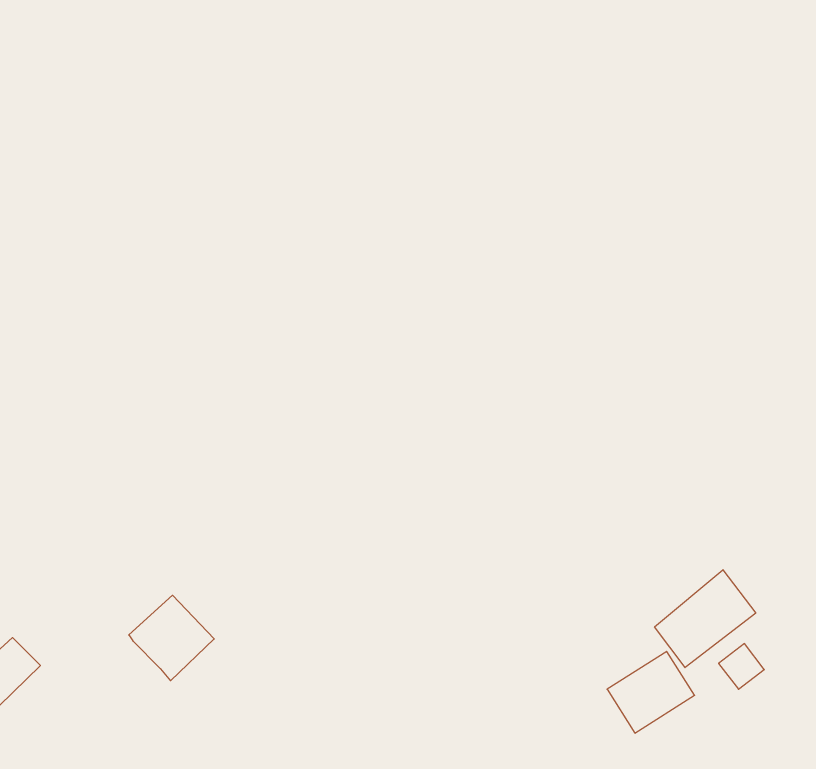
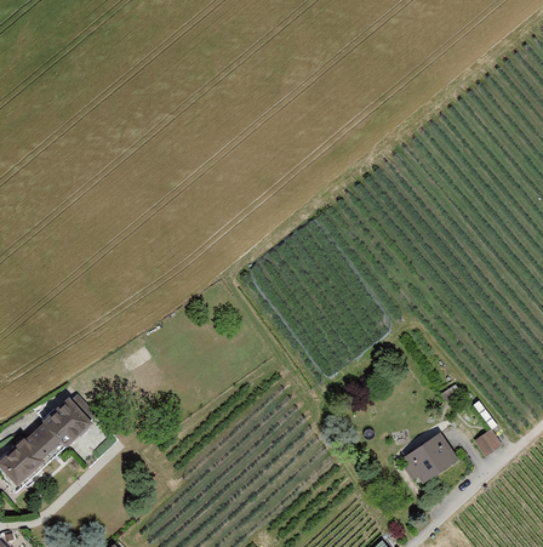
building: [655,570,756,668] -> none
building: [129,595,214,681] -> [40,398,92,450]

